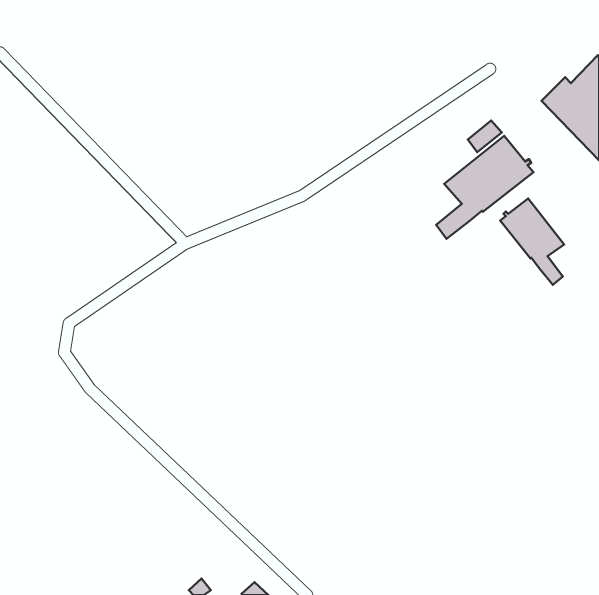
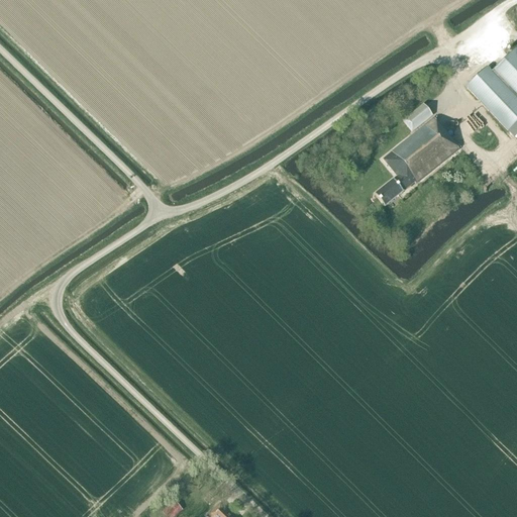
building: [500,199,564,285] -> none

